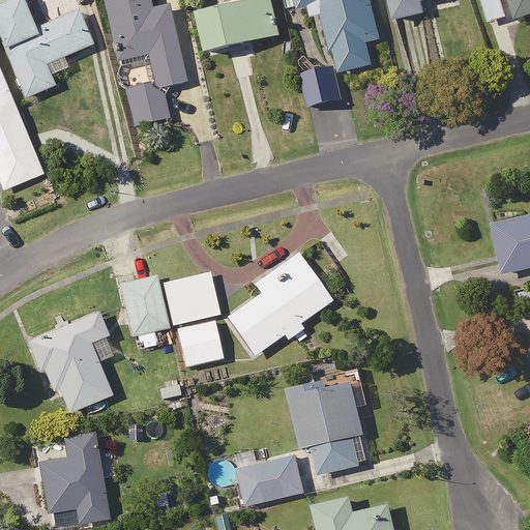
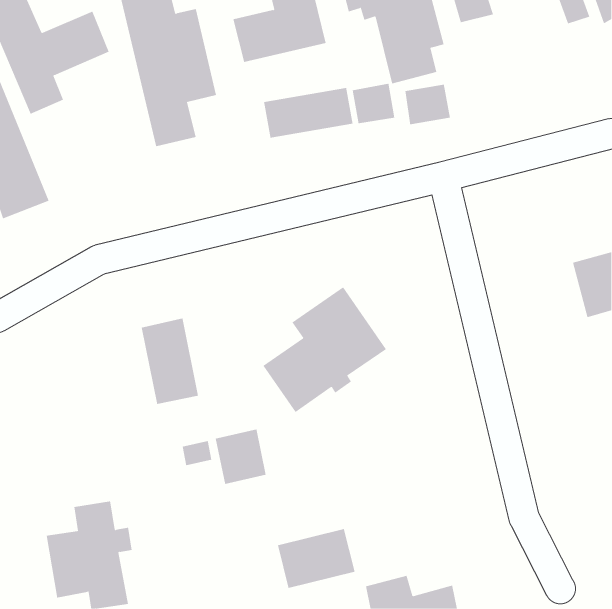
building: none -> [405,84,451,125]
building: none -> [264,87,353,138]
building: [164,272,218,320] -> none
building: [27,311,112,412] -> none
building: [176,318,220,365] -> [215,429,267,484]
building: [290,379,370,473] -> none

